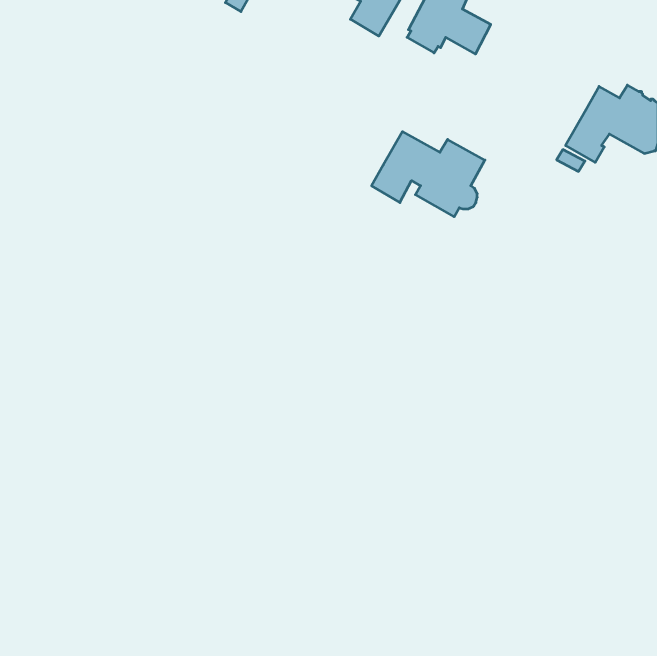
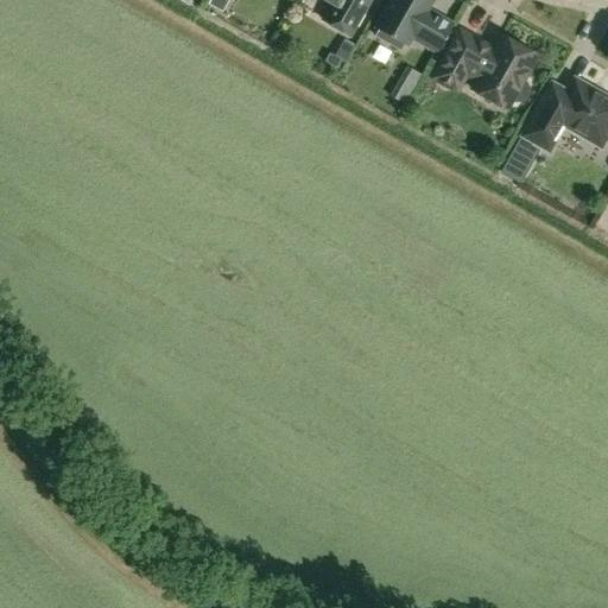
building: [372,132,485,217] -> [432,28,537,107]

